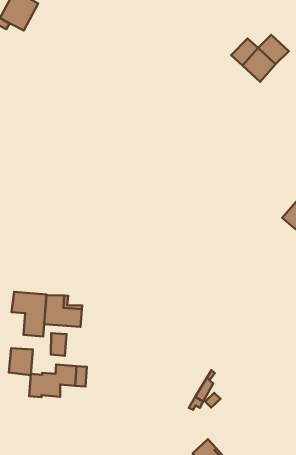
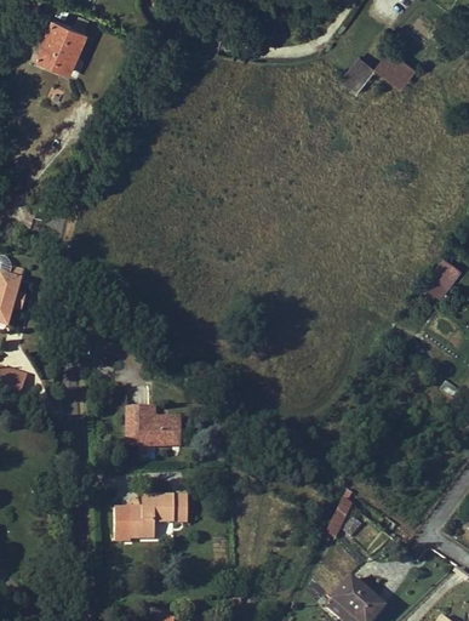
building: [12,292,47,336] -> none
building: [51,333,67,356] -> none
building: [9,348,33,375] -> none

